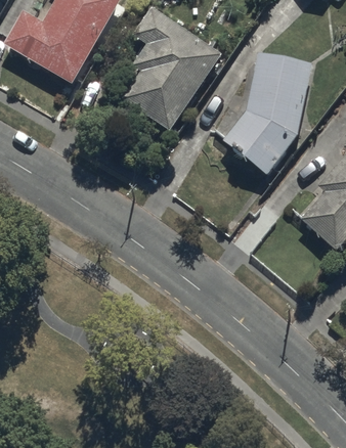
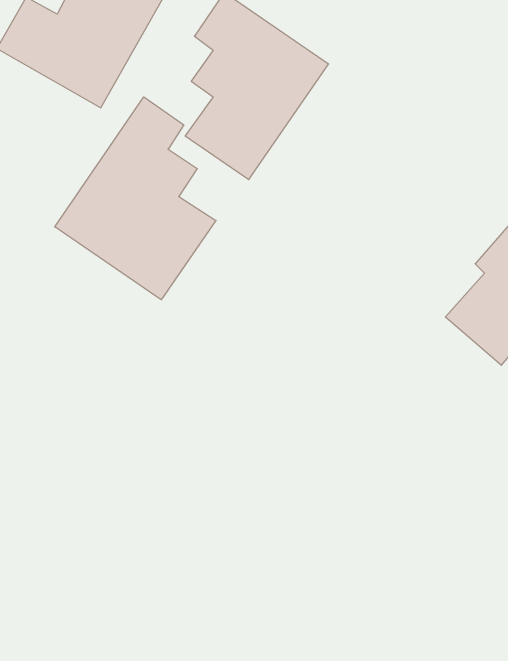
building: [222,52,312,173] -> none
building: none -> [55,97,216,300]

